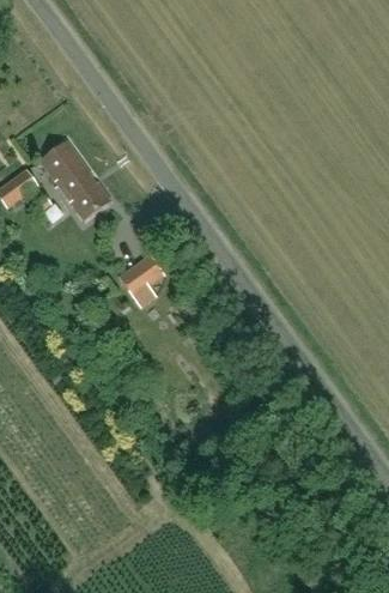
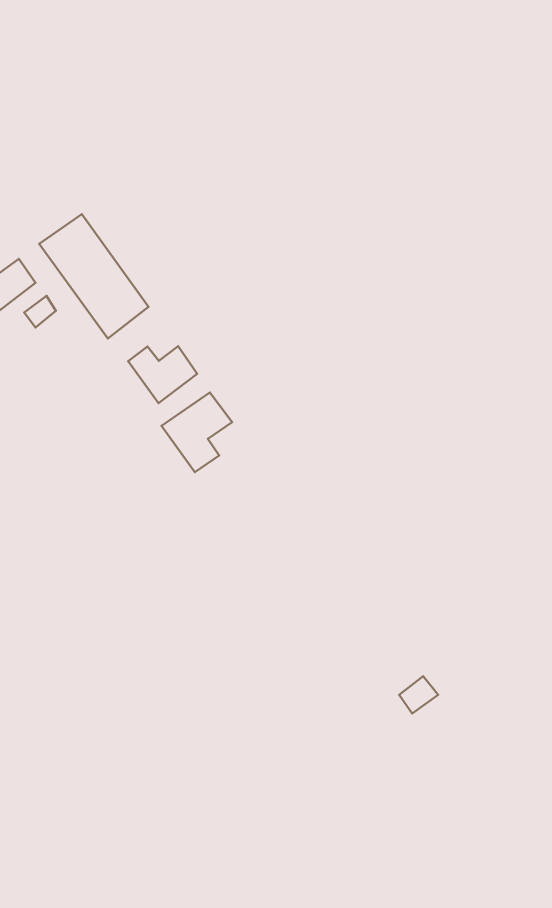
building: none -> [128,346,197,403]

